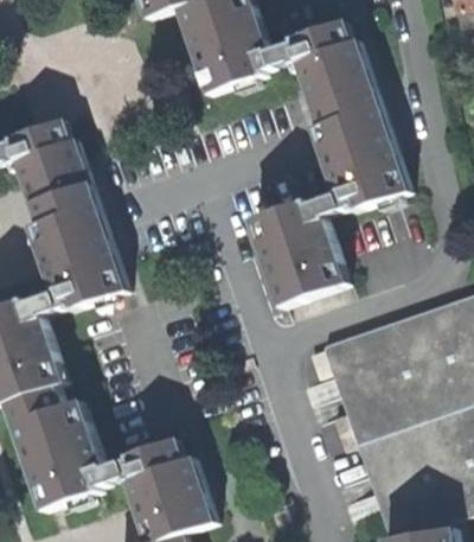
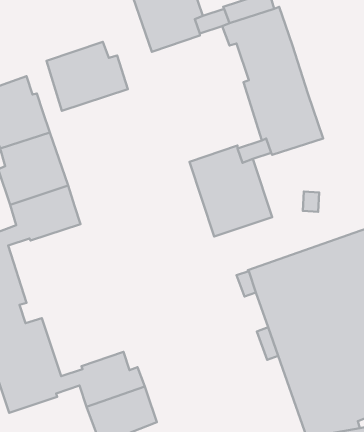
building: none -> [46,42,128,111]

